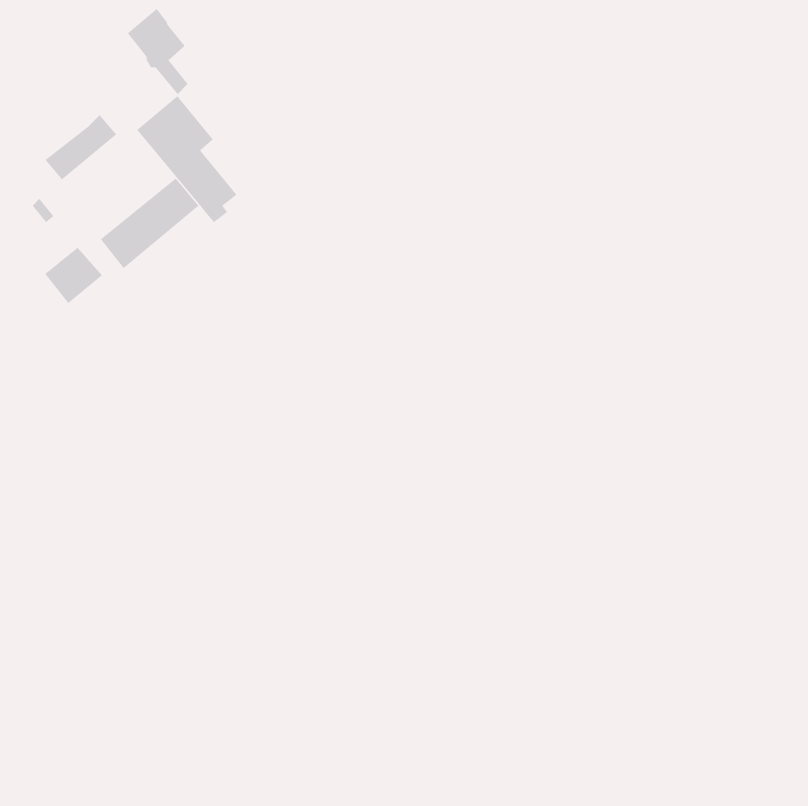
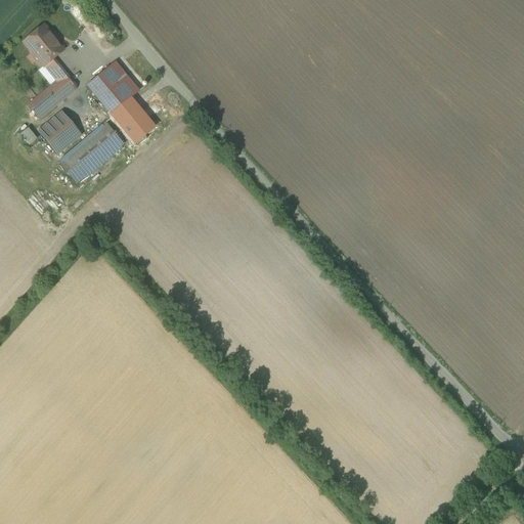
building: [127,8,189,95] -> [26,25,66,81]
building: [44,247,103,304] -> [41,112,79,148]

